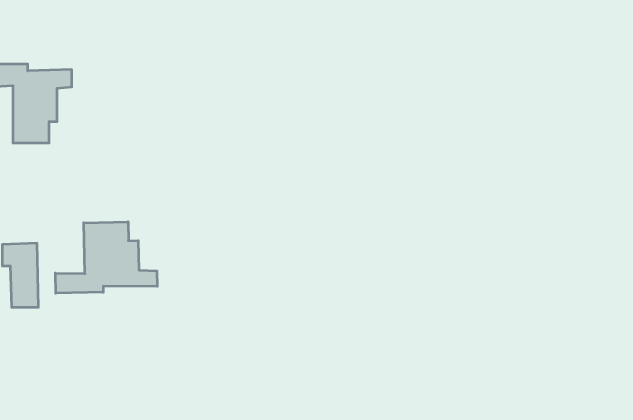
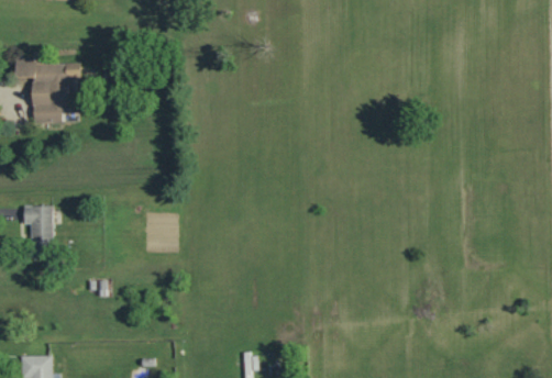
building: [55,222,157,293] -> none

